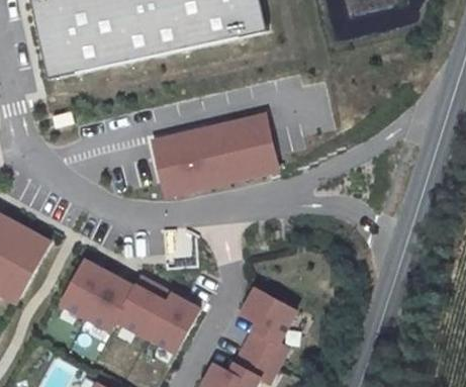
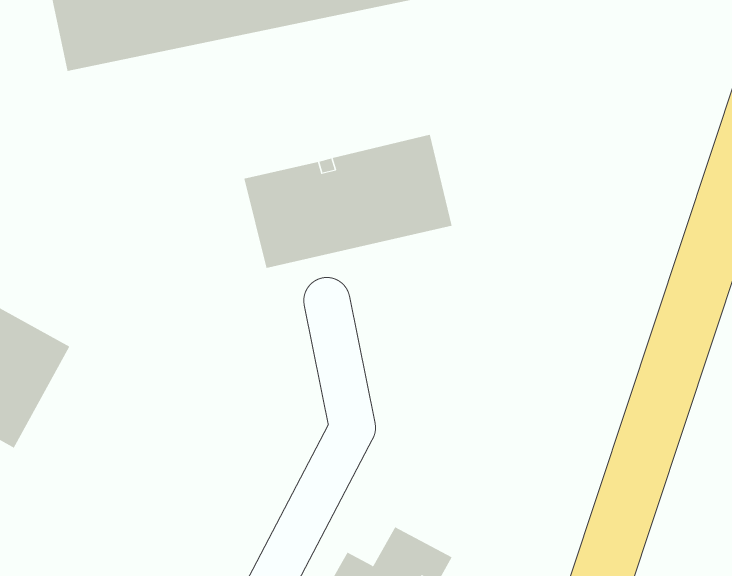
building: [60,260,197,352] -> none
building: [241,288,295,367] -> none

